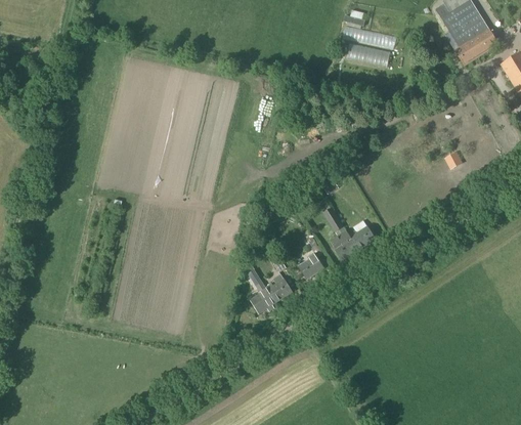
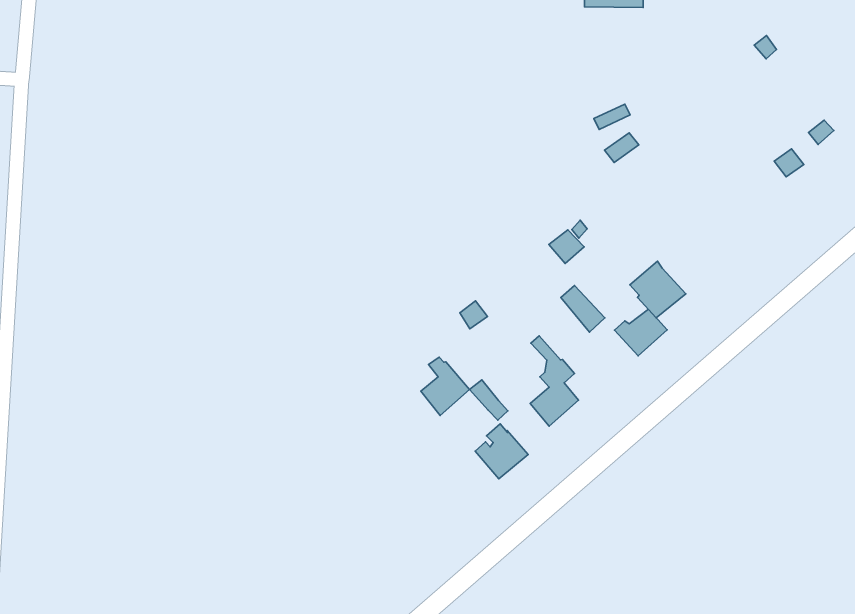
building: [330,229,358,259] -> [630,261,686,318]
building: [250,283,275,313] -> [421,357,470,415]

